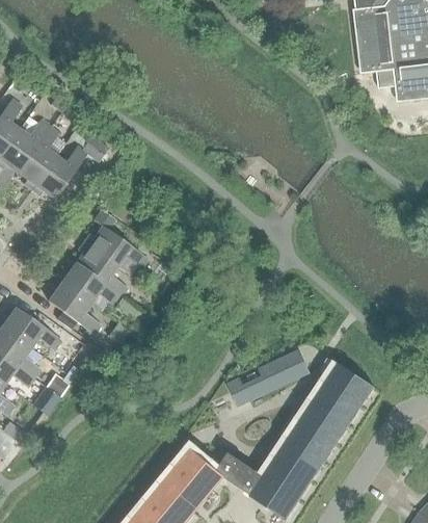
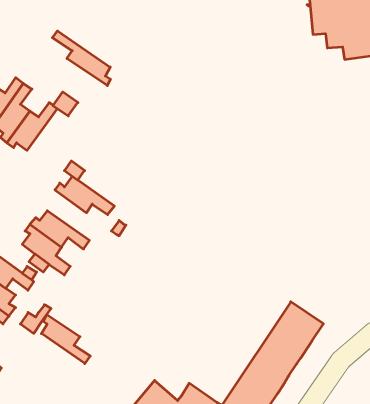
building: none -> [52,31,110,86]
building: [74,240,126,295] -> none
building: [238,348,309,399] -> none
building: none -> [41,314,90,364]

